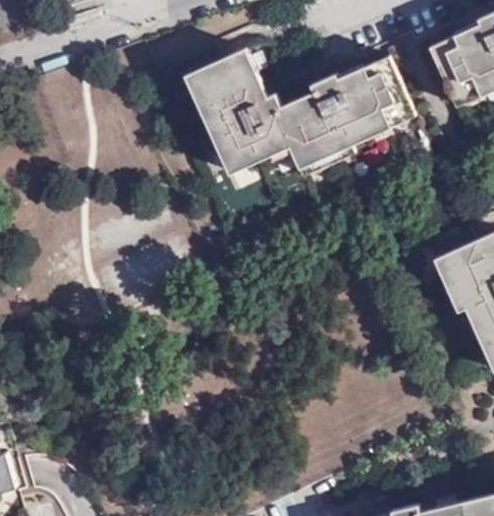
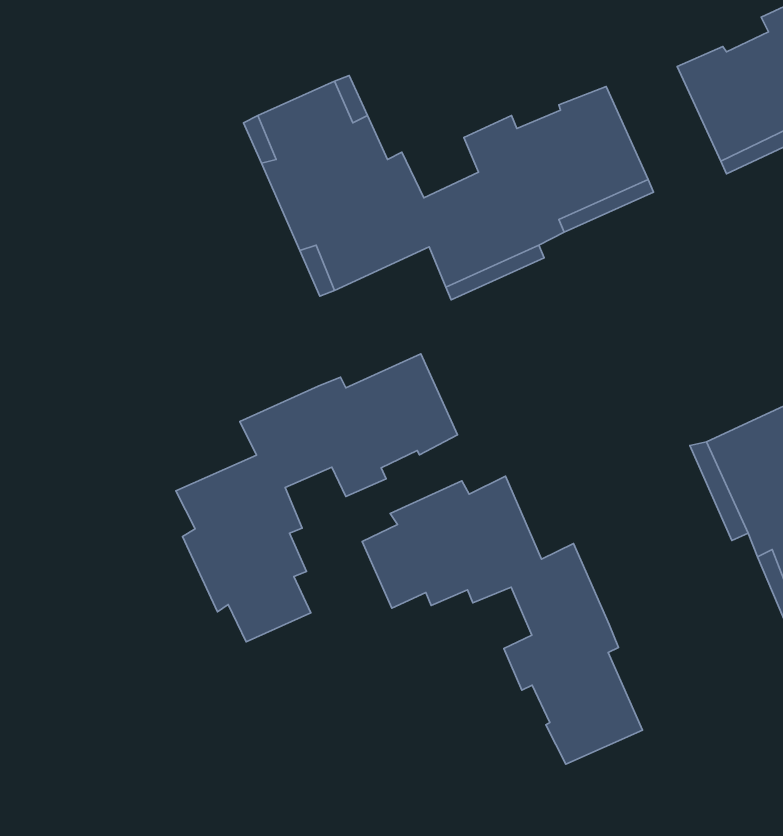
building: none -> [176,354,457,642]
building: none -> [362,476,643,764]

